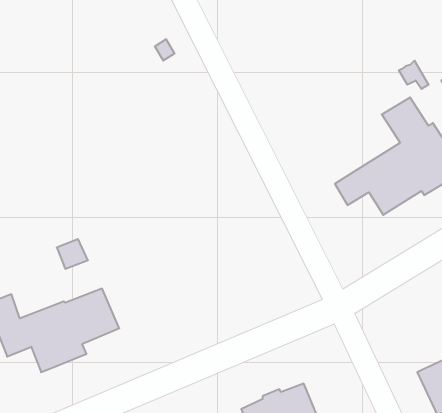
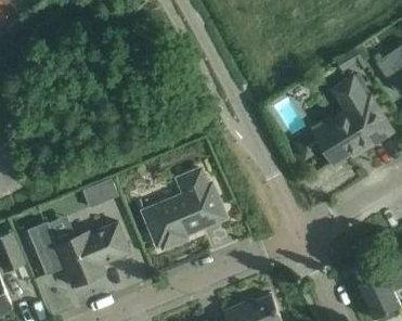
building: none -> [139,169,226,248]

